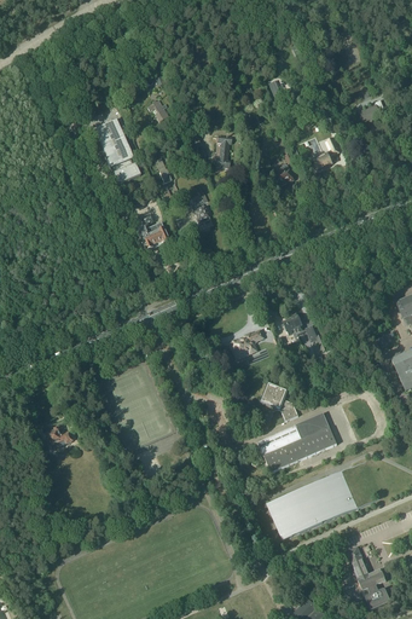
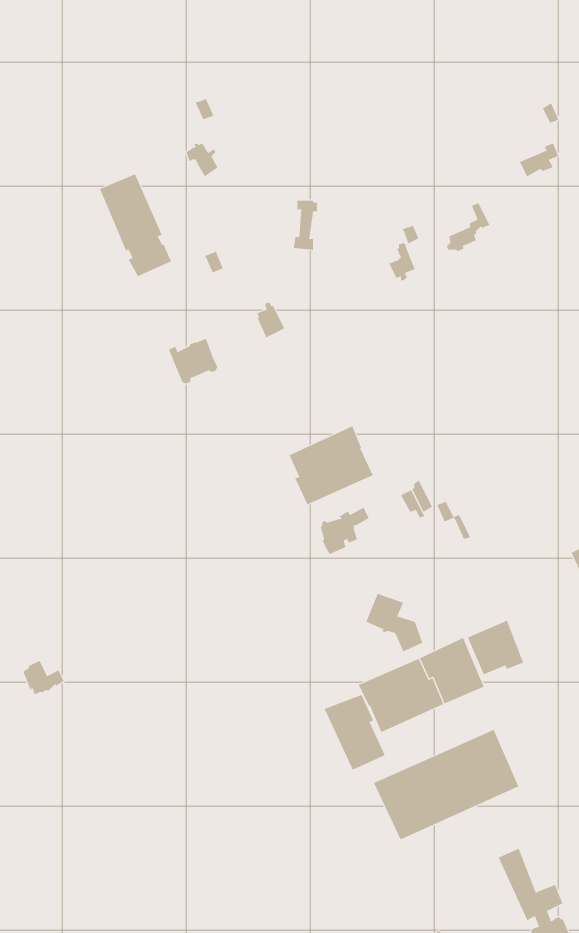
building: none -> [289,425,374,505]
building: none -> [467,620,524,675]
building: none -> [324,694,386,771]

